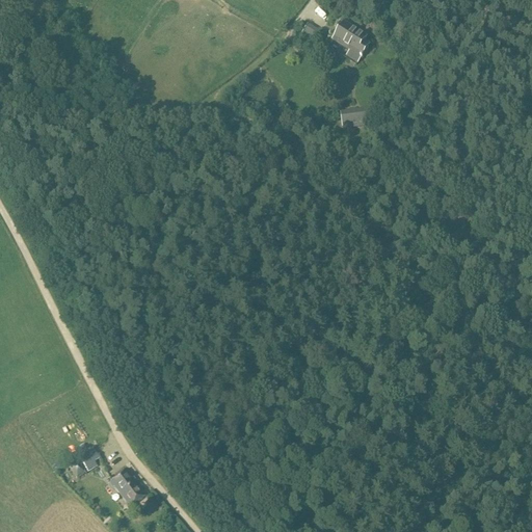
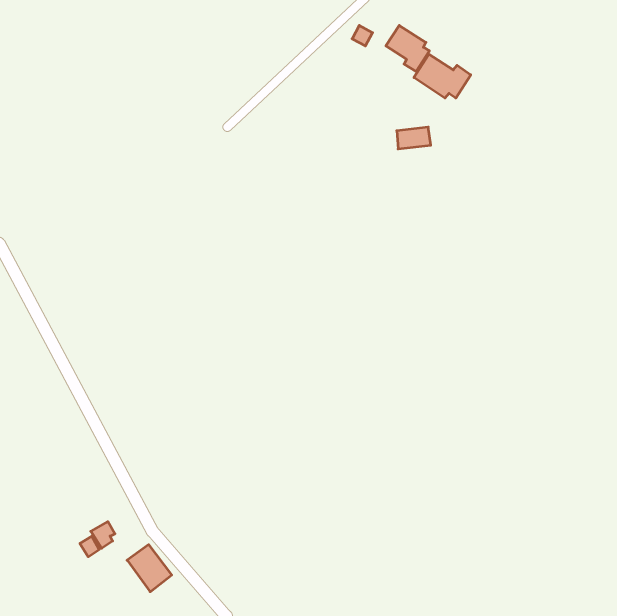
building: none -> [414,54,471,98]

